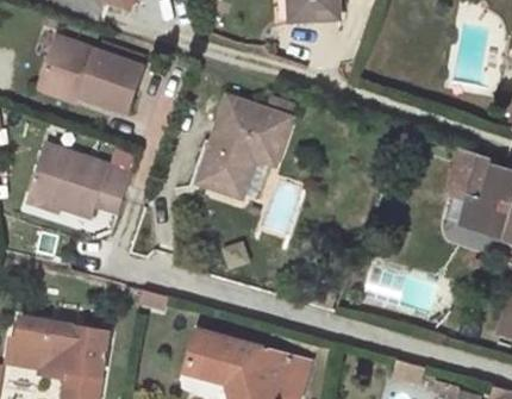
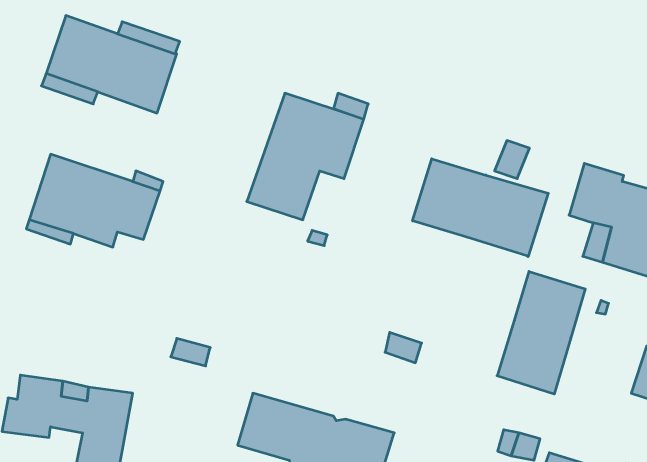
building: none -> [413,159,548,257]
building: none -> [497,271,585,394]

